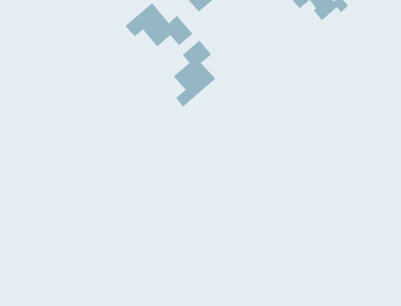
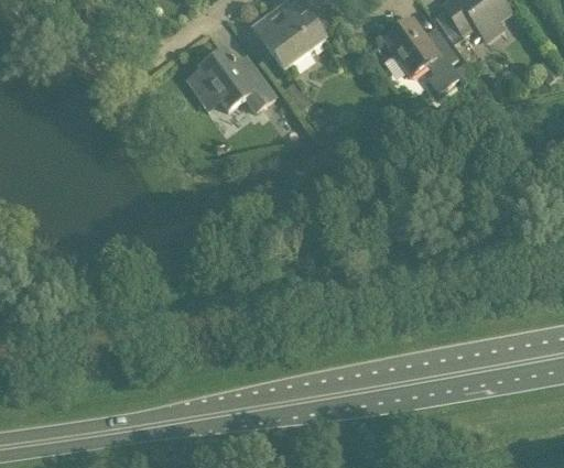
building: [173,40,216,108] -> none

